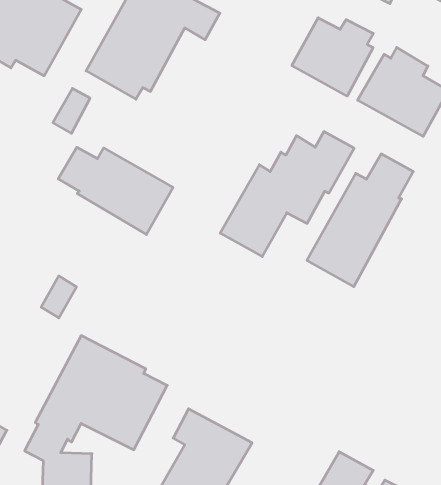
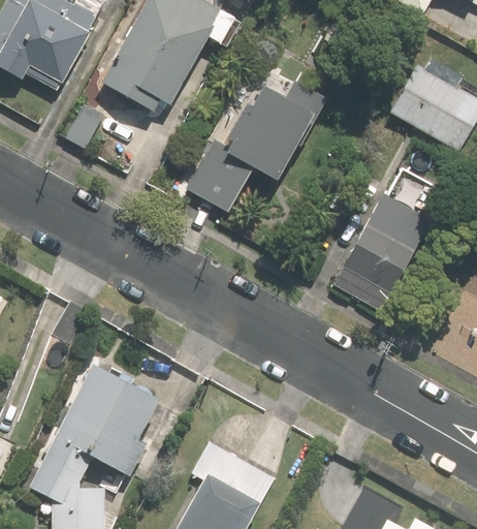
building: [292,18,373,96] -> none
building: [220,132,354,257] -> [186,80,327,212]
building: [58,147,173,235] -> none

